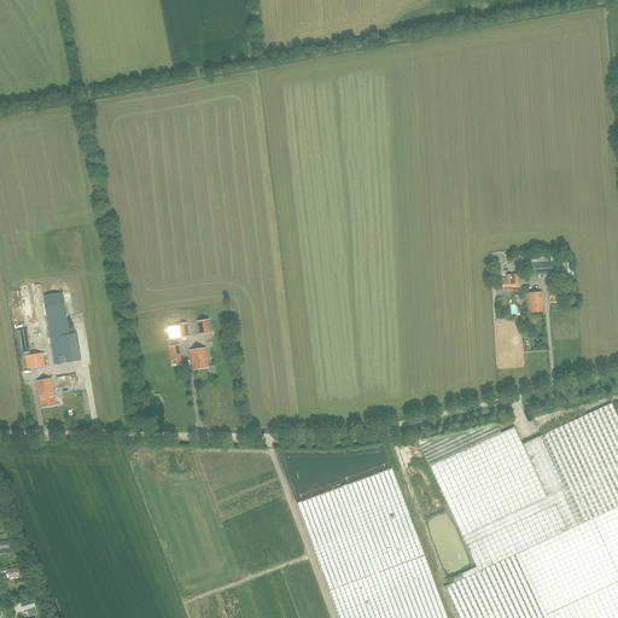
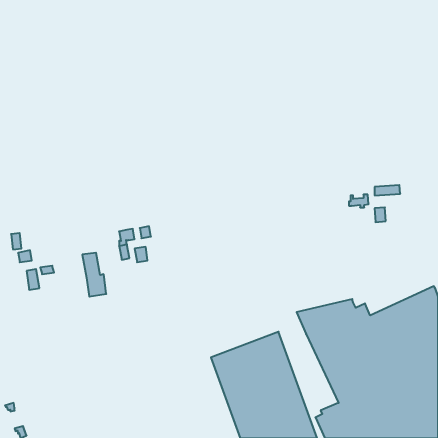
building: [45,303,78,365] -> [82,253,106,297]

